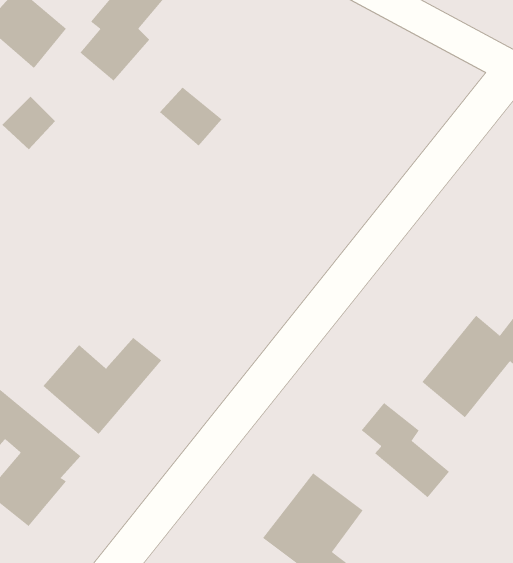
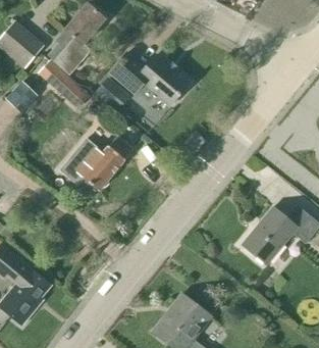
building: none -> [109,53,190,109]
building: none -> [39,61,73,96]
building: [43,337,162,435] -> [66,137,134,192]
building: [361,402,450,498] -> none

